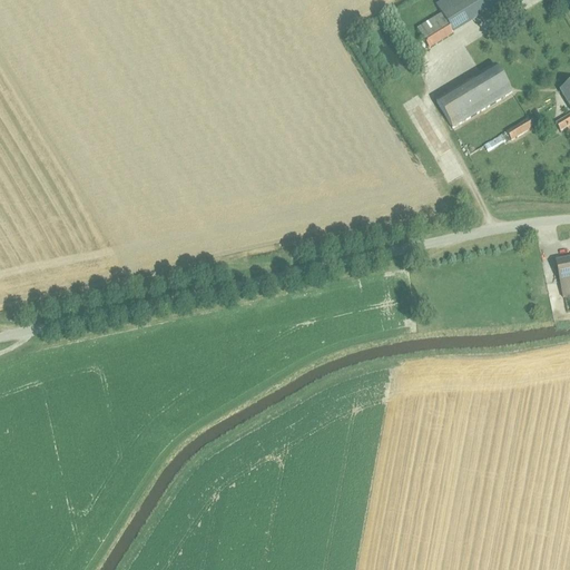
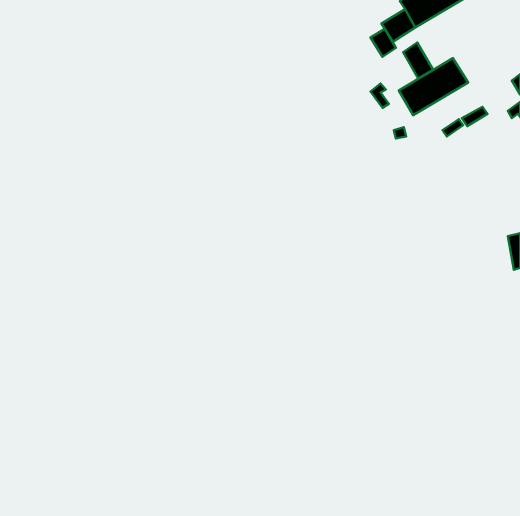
building: none -> [371,29,396,57]
building: none -> [403,43,433,79]

